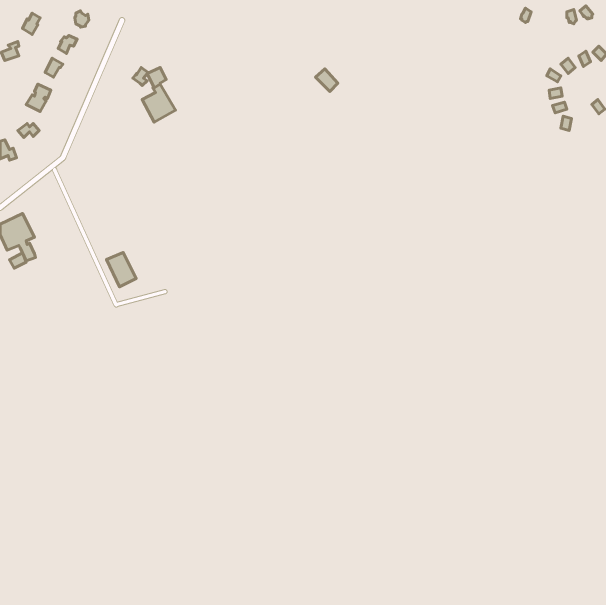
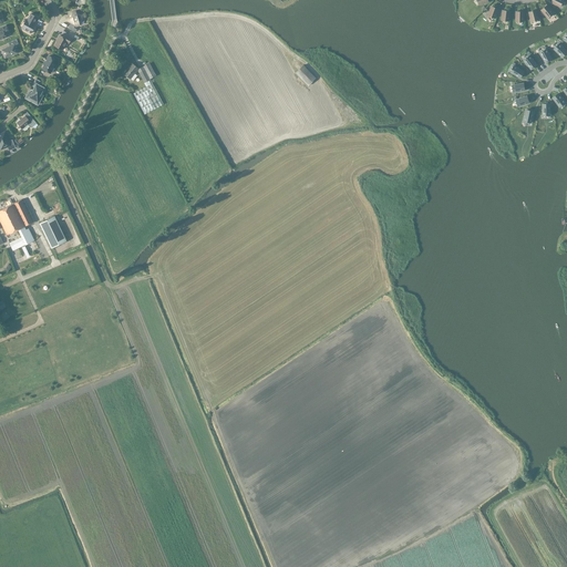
building: [107,252,136,287] -> [39,215,66,247]

